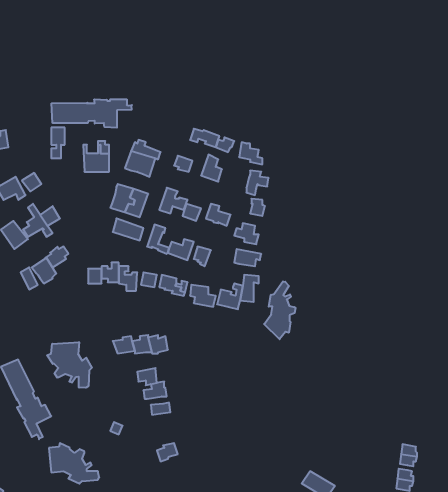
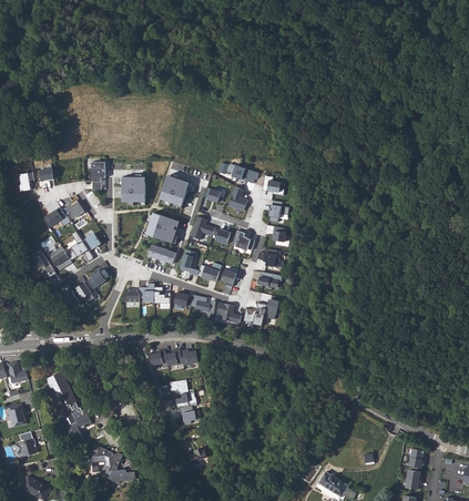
building: [52,99,132,128] -> none
building: [264,281,295,339] -> none
building: [47,342,92,388] -> none

